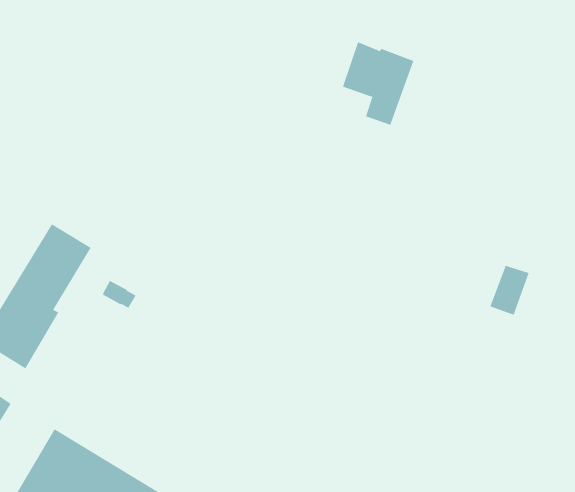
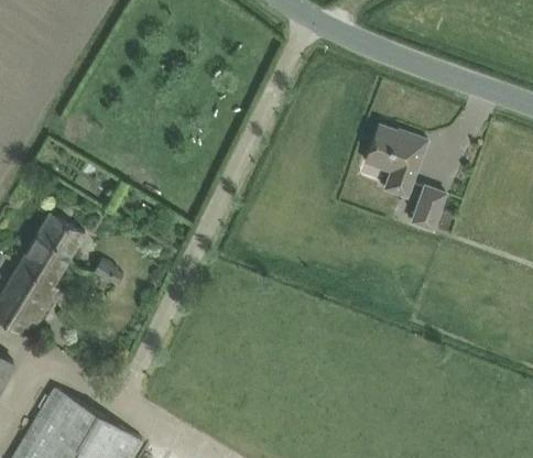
building: [342,42,414,125] -> [366,124,427,196]
building: [490,265,530,315] -> [412,187,446,230]

